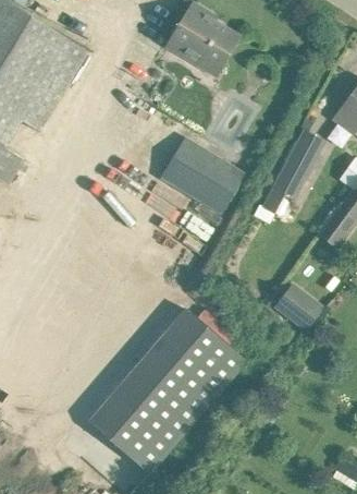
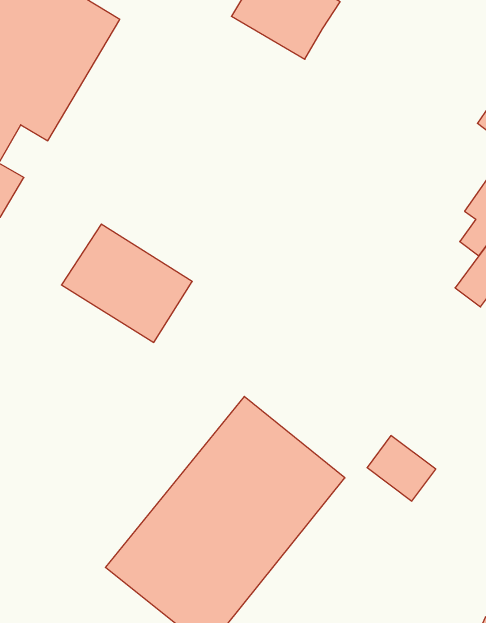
building: [261,130,325,214] -> none
building: [156,134,245,215] -> [61,224,192,342]
building: [276,286,323,330] -> [367,436,436,501]

